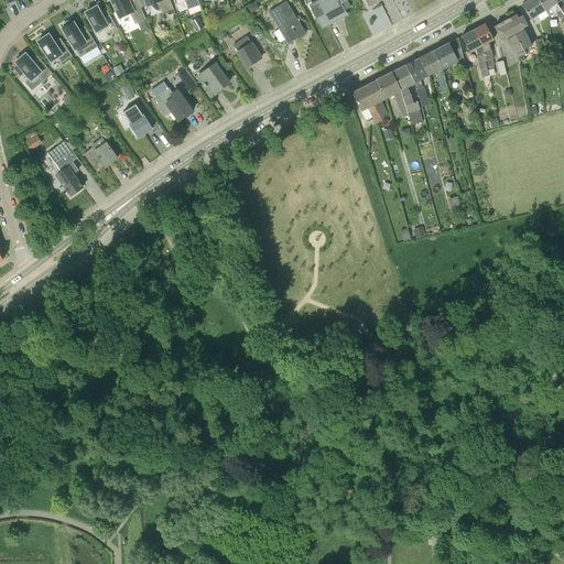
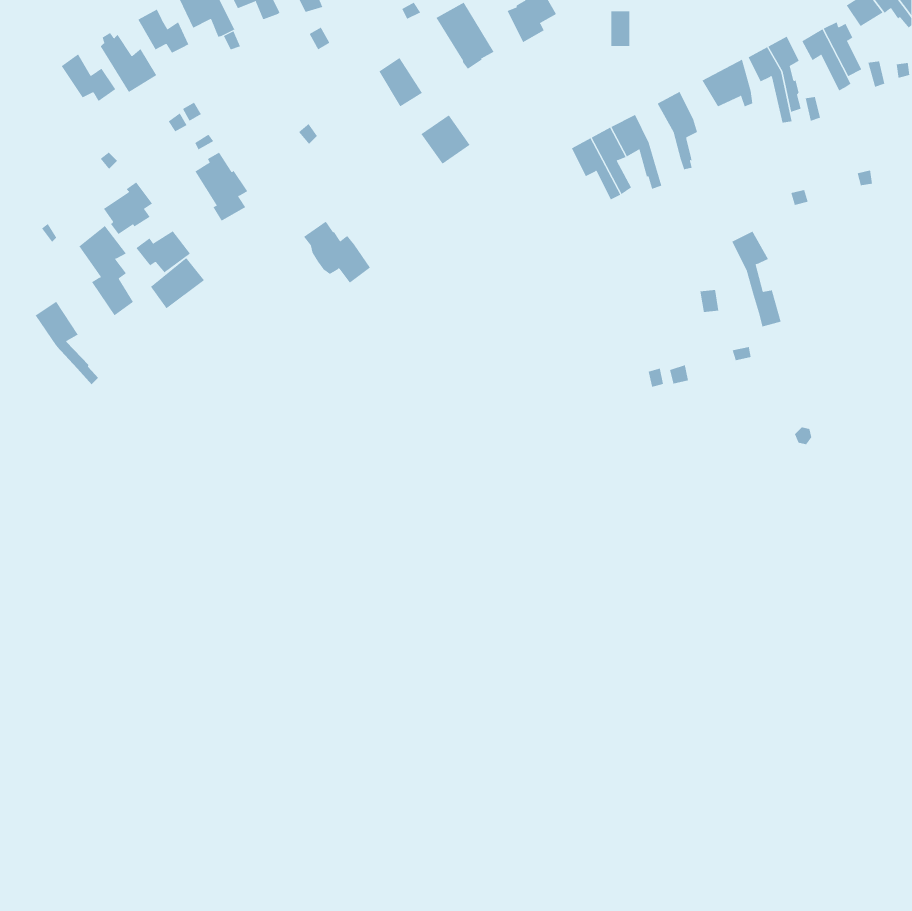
building: [420,50,447,93] -> none
building: [13,53,52,89] -> none
building: [198,63,229,94] -> [421,115,471,165]
building: [392,64,423,123] -> [731,231,781,327]
building: [150,80,192,119] -> [303,221,371,283]
building: none -> [103,182,153,235]
building: none -> [150,257,205,309]
building: none -> [35,301,99,385]

